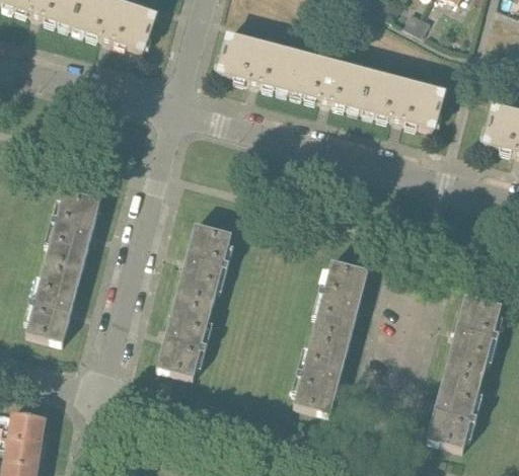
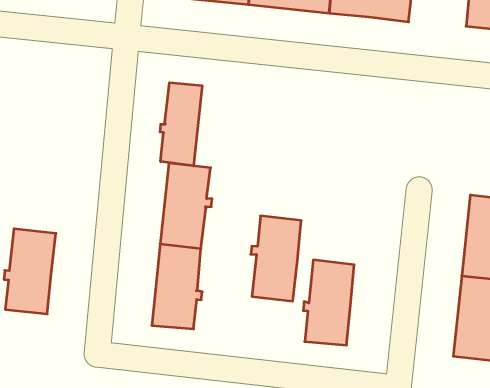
building: none -> [160,83,202,166]
building: [46,187,101,269] -> none
building: [313,258,369,340] -> [251,216,301,301]

